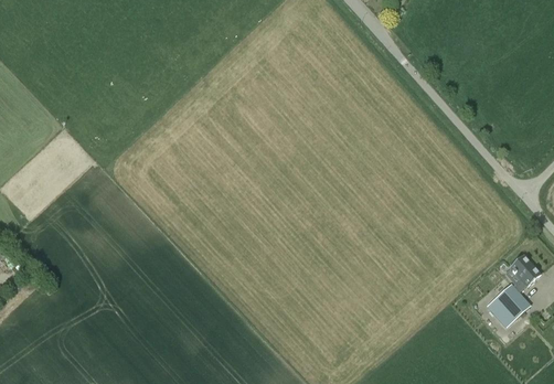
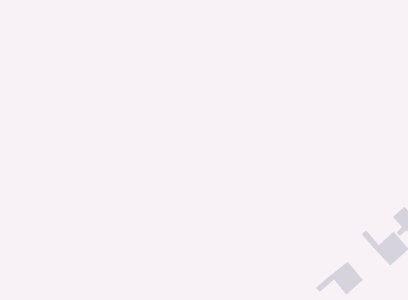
building: none -> [315,261,364,295]

